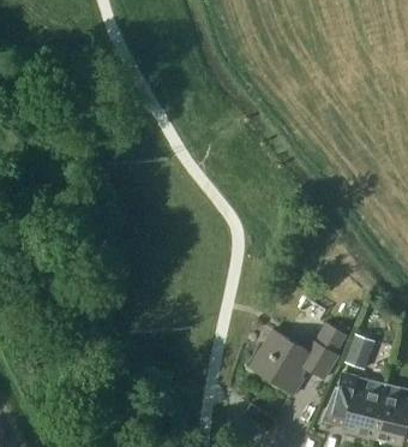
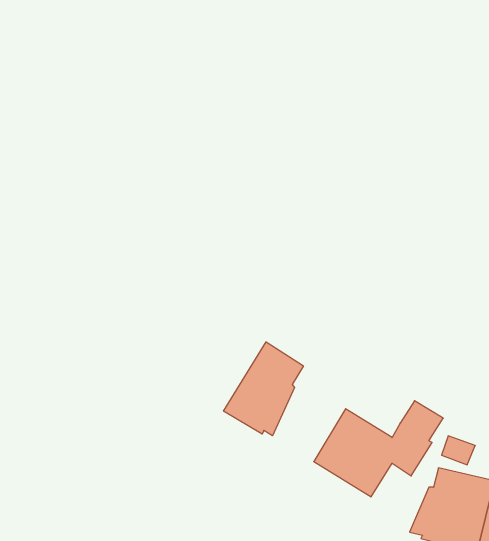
building: none -> [224,342,303,436]

